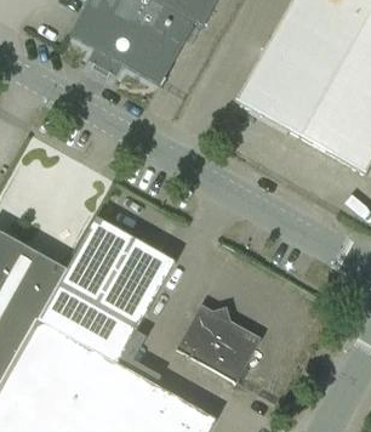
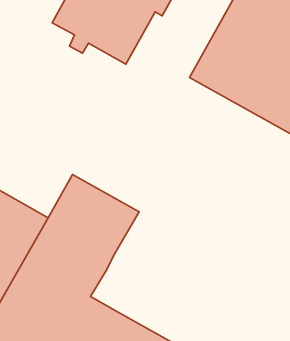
building: [176,303,261,382] -> none

